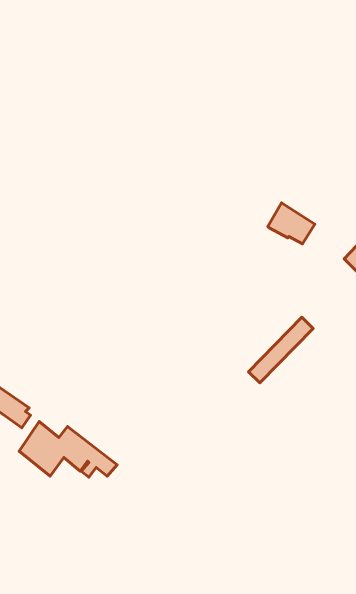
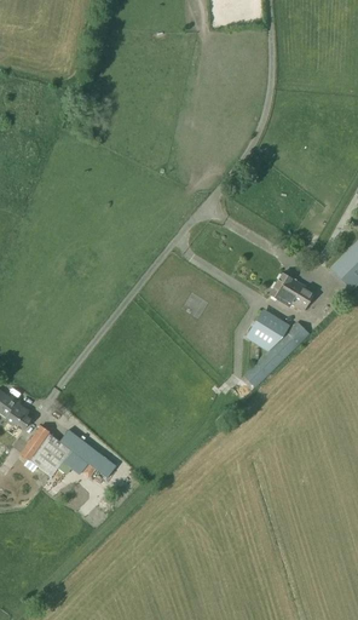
building: [268,203,315,244] -> [270,271,316,311]
building: none -> [247,311,288,351]

